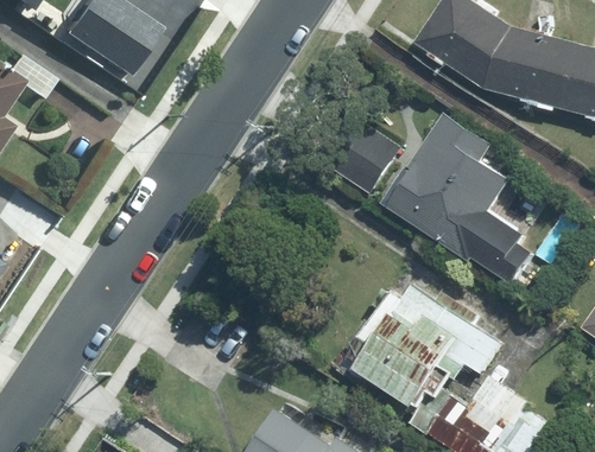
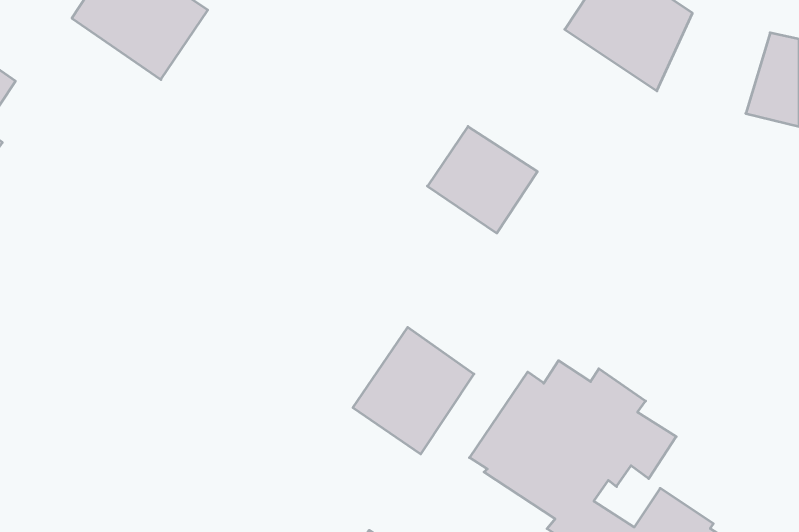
building: [487,31,570,104] -> none
building: [387,115,520,274] -> none
building: none -> [353,327,474,454]

